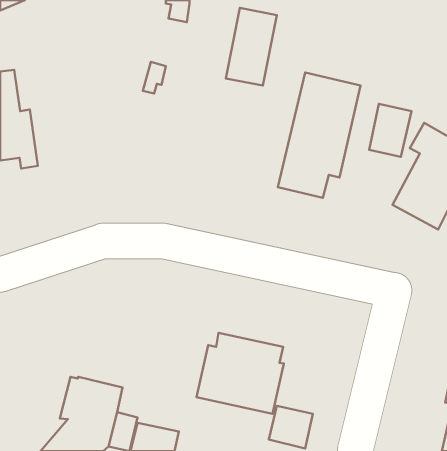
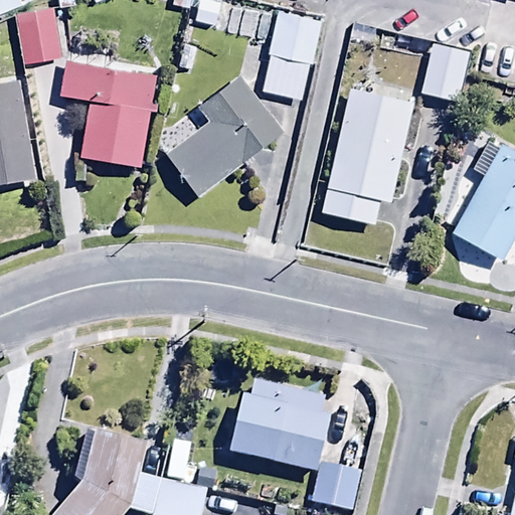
building: none -> [17,7,62,62]
building: none -> [60,57,156,168]
building: none -> [166,73,283,198]
building: [369,104,412,157] -> [421,42,470,103]

